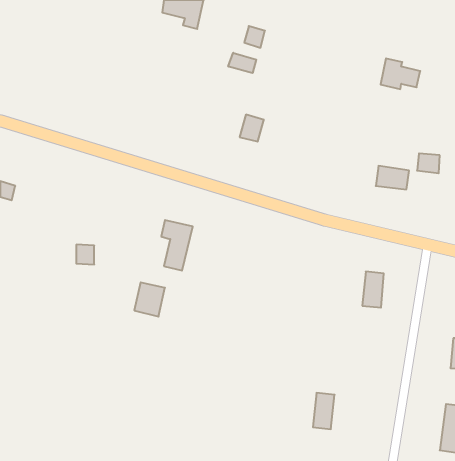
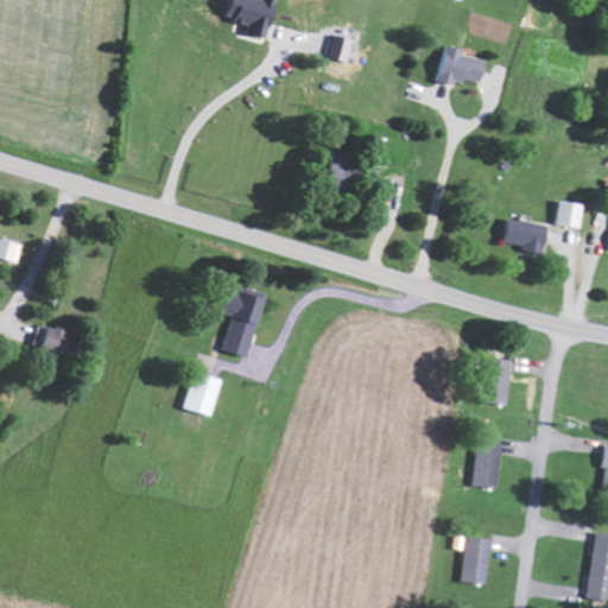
building: [228,53,256,73] -> none
building: [381,58,420,89] -> [435,45,487,86]
building: [76,245,94,264] -> [43,328,66,354]
building: none -> [475,441,501,487]
building: [313,393,335,429] -> [462,537,490,584]

